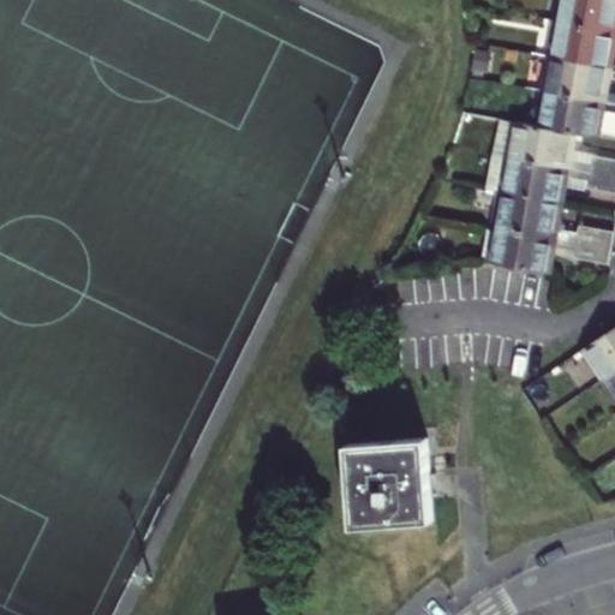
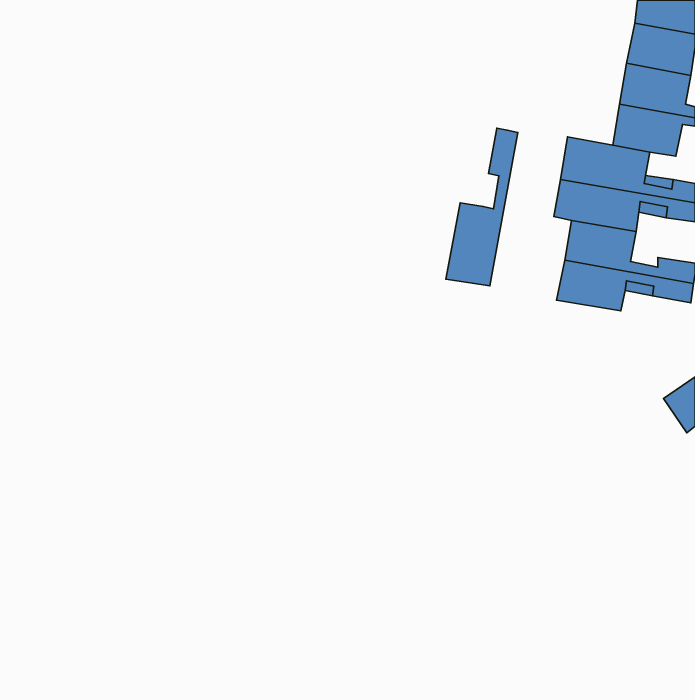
building: none -> [446,128,518,286]
building: [344,438,430,527] -> none

